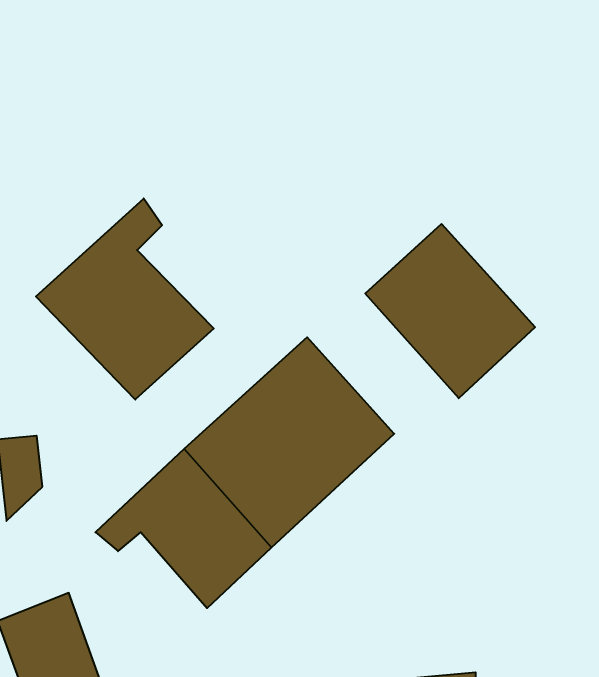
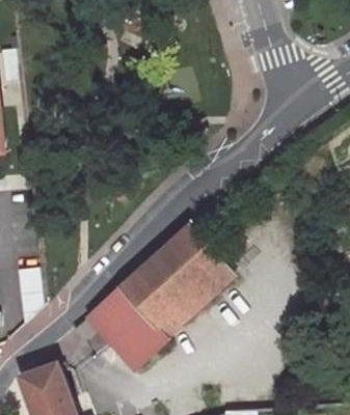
building: [36,198,214,400] -> none
building: [365,224,535,398] -> none

